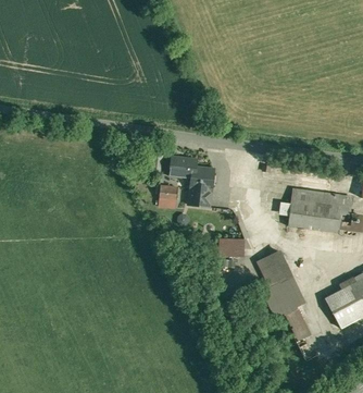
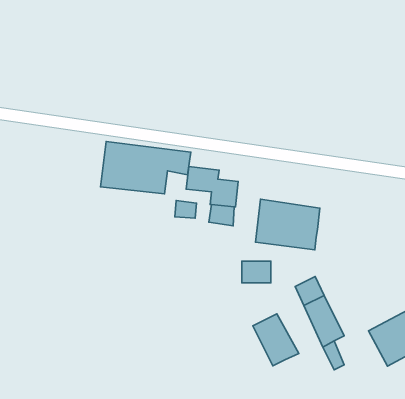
building: none -> [100,142,191,194]
building: [288,188,343,232] -> [255,199,320,250]
building: none -> [253,314,299,366]

